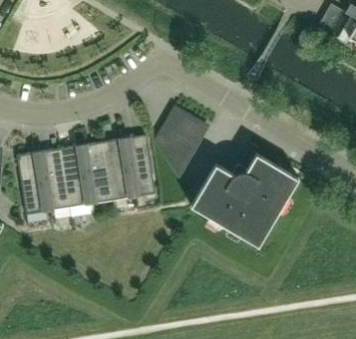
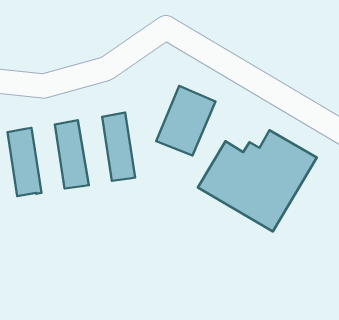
building: [124,134,155,197] -> none
building: [81,141,112,204] -> none
building: [39,148,69,211] -> none

